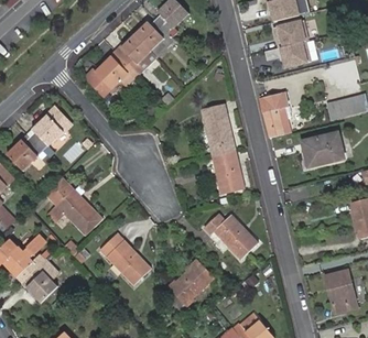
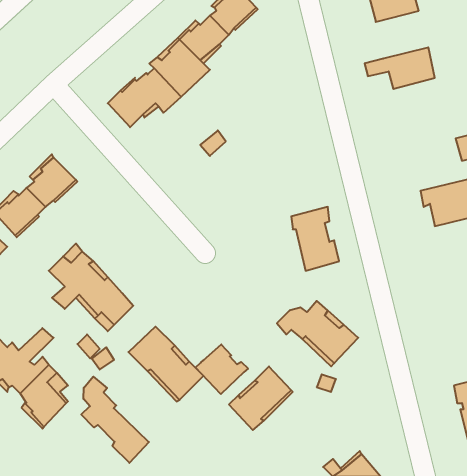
building: [270,19,306,47] -> none
building: [260,92,289,135] -> none
building: [204,113,237,156] -> none
building: none -> [195,344,248,394]
building: none -> [81,377,149,463]

